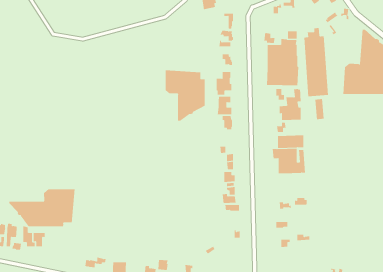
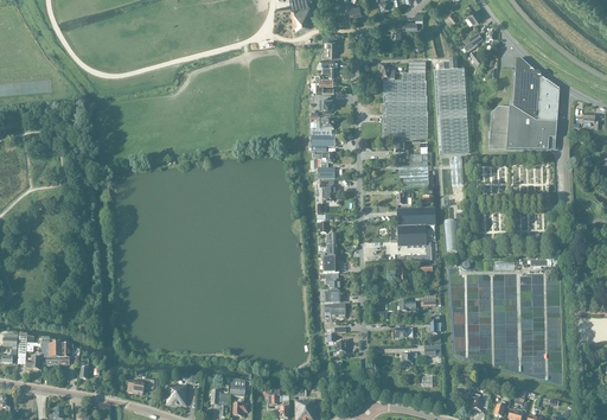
building: [165,70,205,122] -> none
building: [9,189,75,227] -> none

